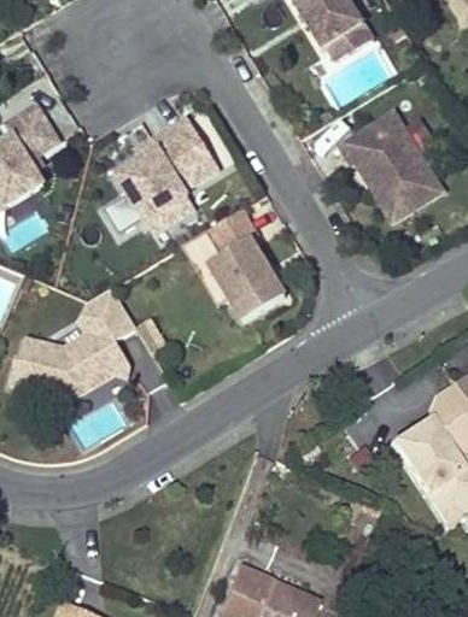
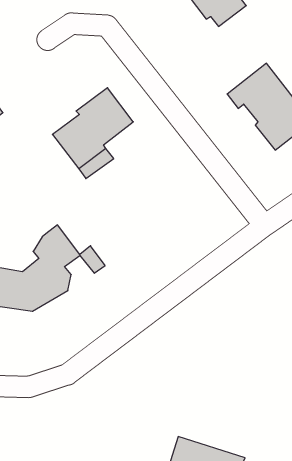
building: [206,210,282,318] -> none

